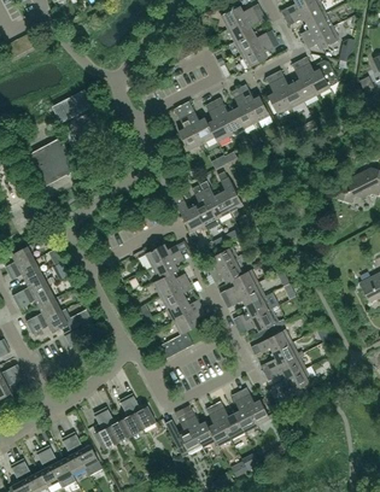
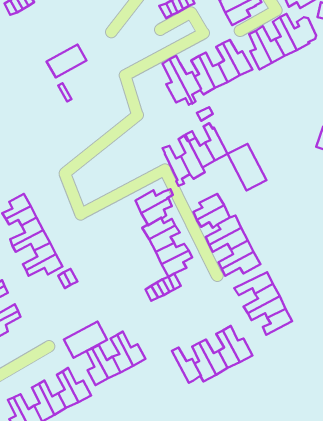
building: [23,136,76,188] -> none
building: none -> [227,144,266,190]
building: none -> [64,322,107,358]
building: [170,412,201,453] -> none

